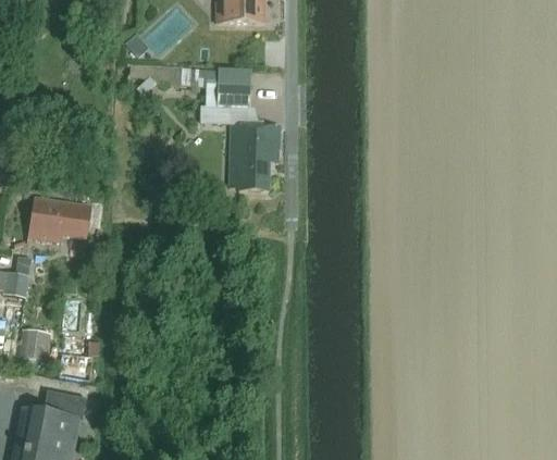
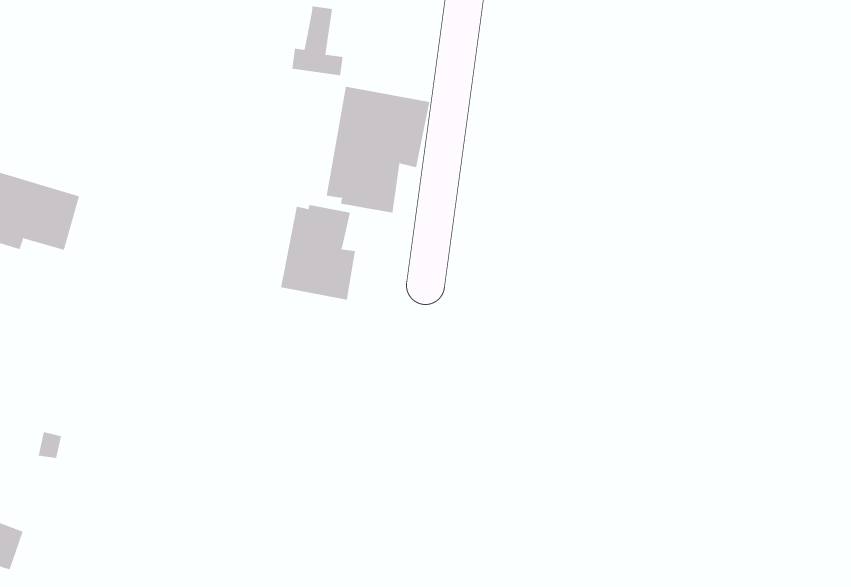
building: [221,80,252,107] -> none
building: none -> [280,204,356,300]

